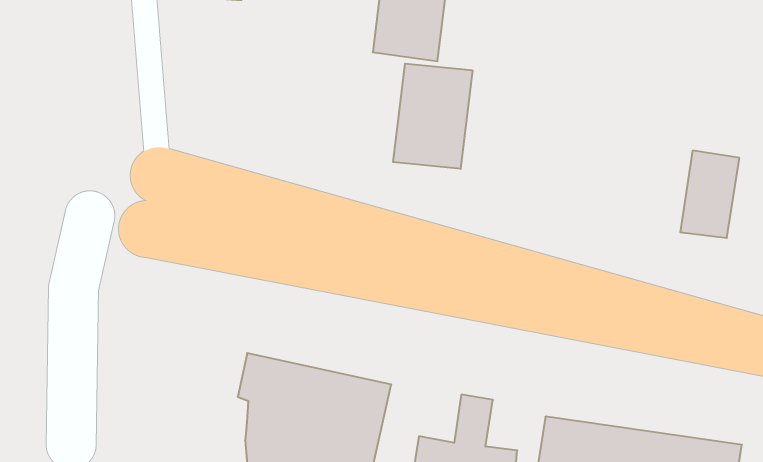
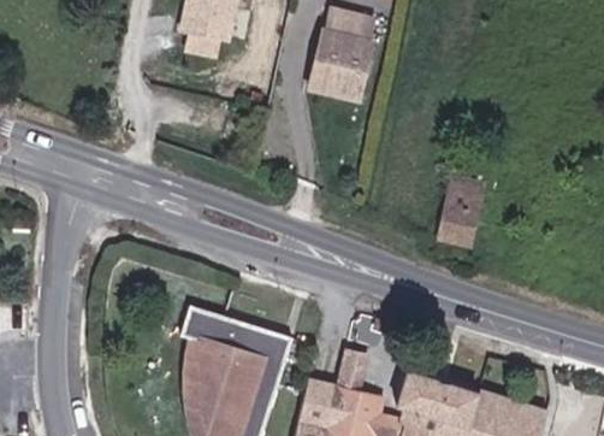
building: [393,64,472,169] -> none
building: [680,151,739,238] -> [442,181,490,247]

